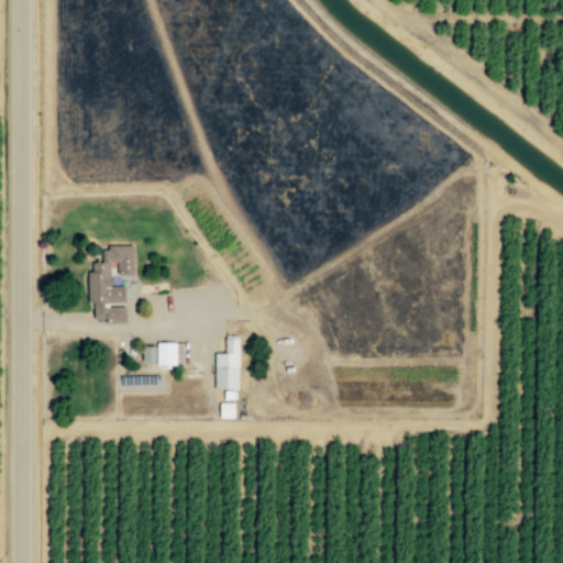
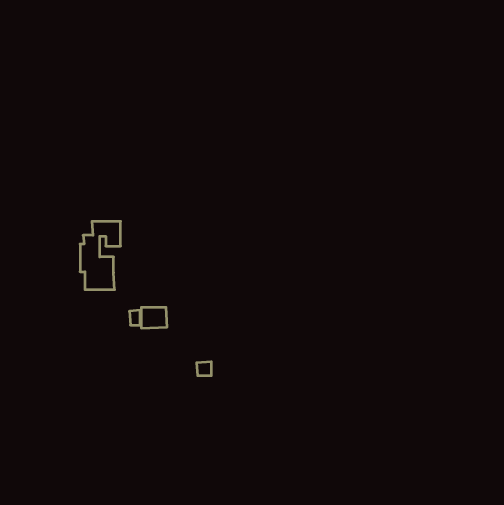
building: [217,338,241,389] -> none

